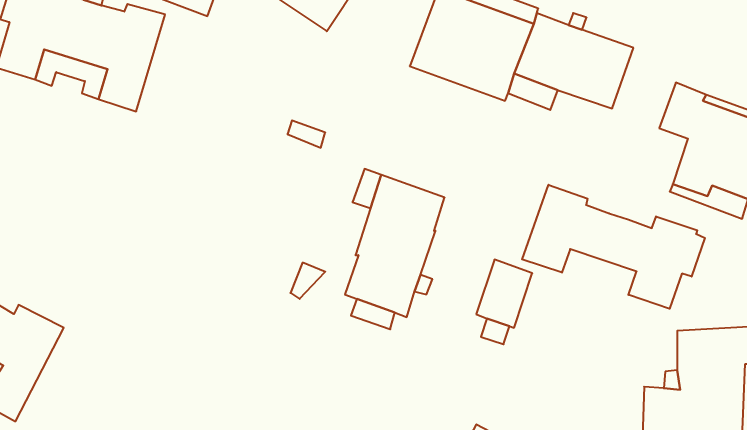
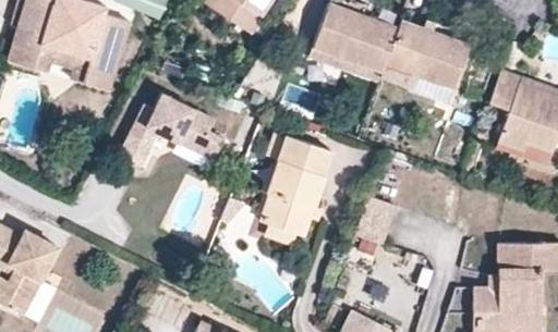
building: none -> [118,98,226,167]
building: [522,185,705,309] -> none

